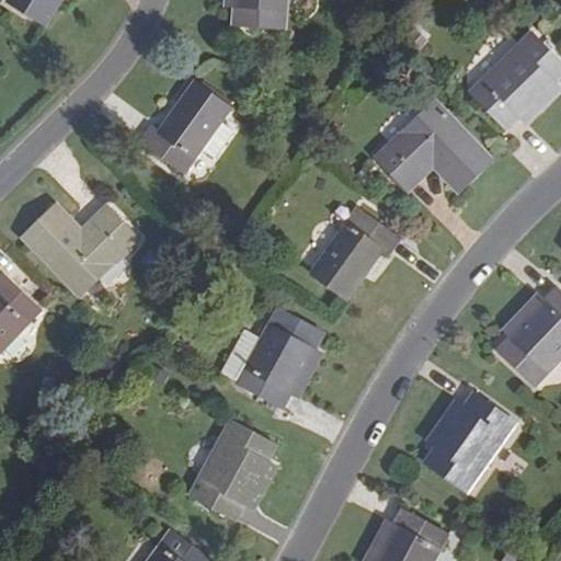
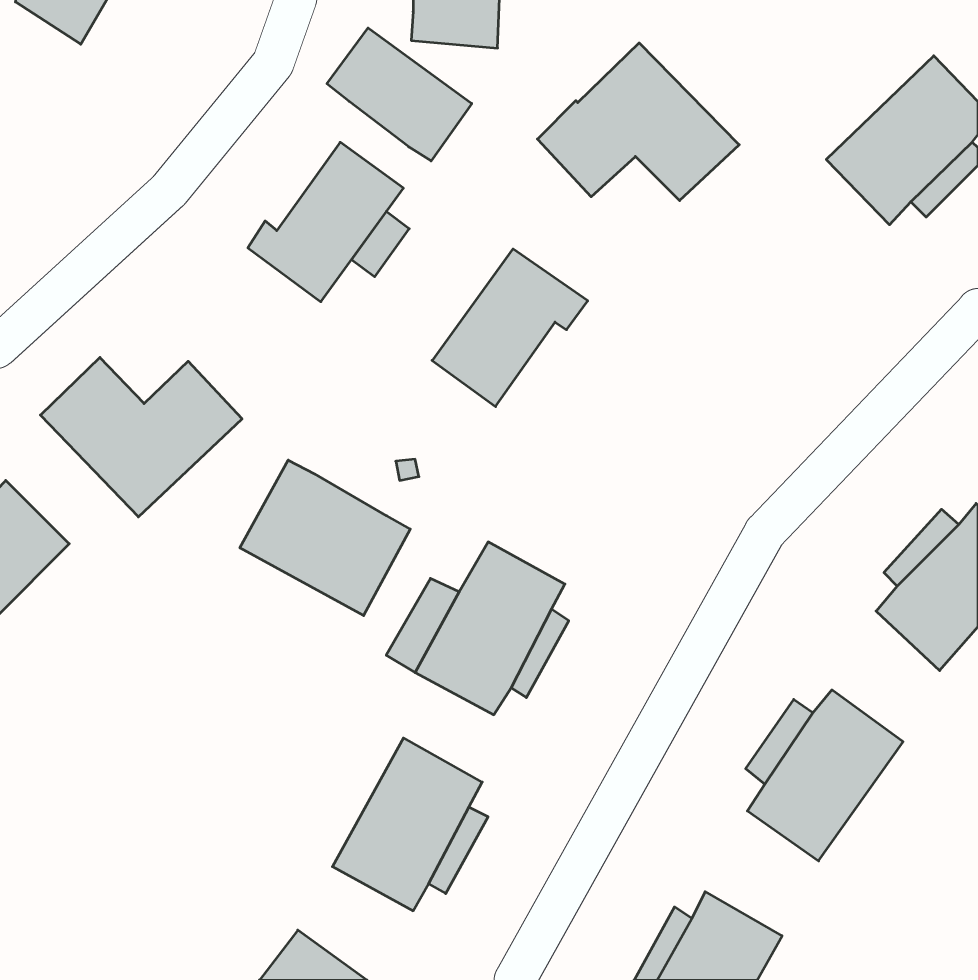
building: none -> [327,28,472,161]
building: [377,101,492,191] -> [537,43,739,201]
building: [311,208,400,298] -> [432,249,588,407]
building: none -> [240,460,410,616]

